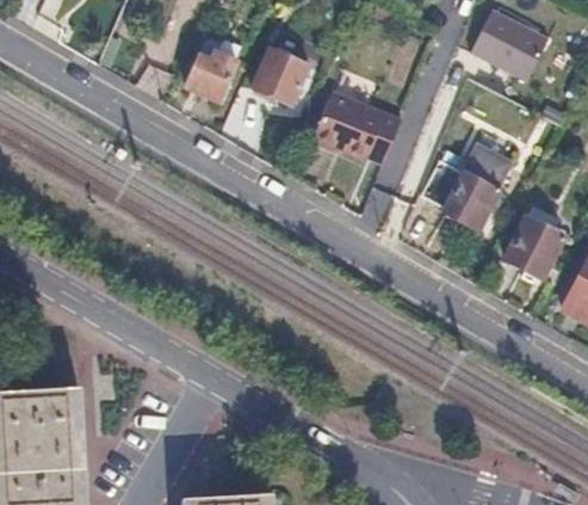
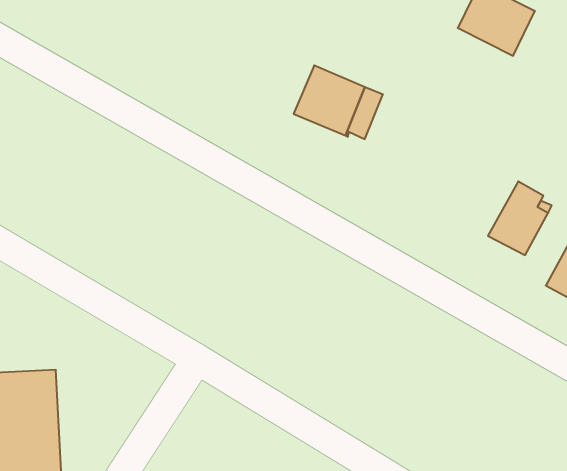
building: [185,38,235,100] -> none
building: [250,47,307,103] -> none
building: [419,147,506,229] -> none

